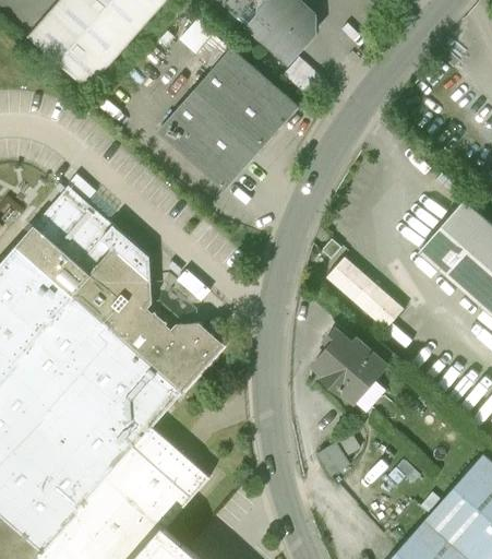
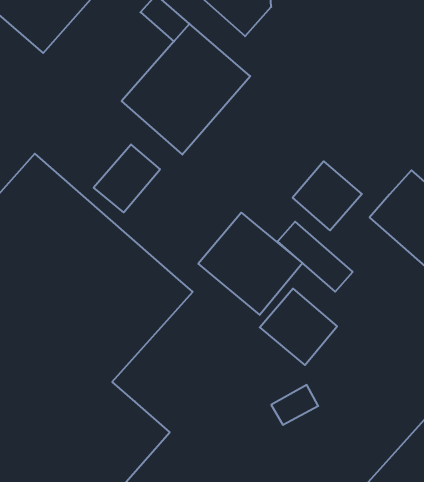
building: none -> [94,144,160,212]
building: none -> [293,161,362,230]
building: none -> [198,213,302,315]

